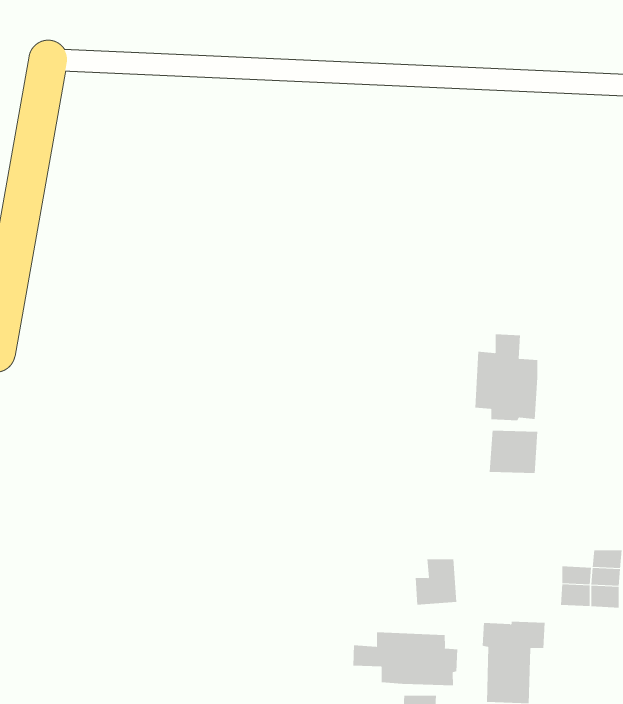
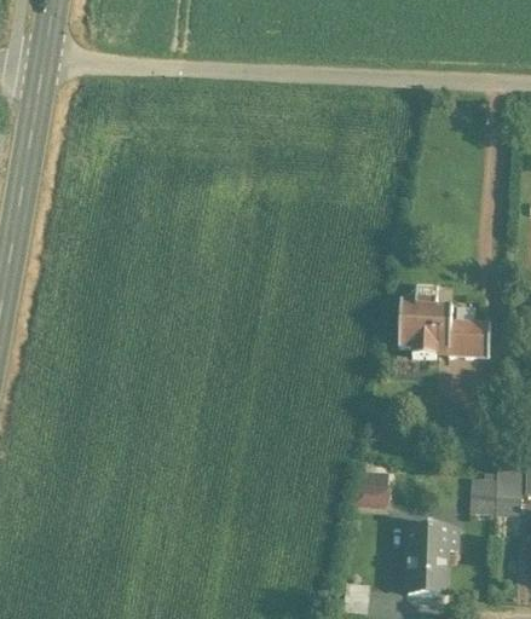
building: [489,430,538,474] -> [450,320,491,357]
building: [353,632,458,686] -> none

